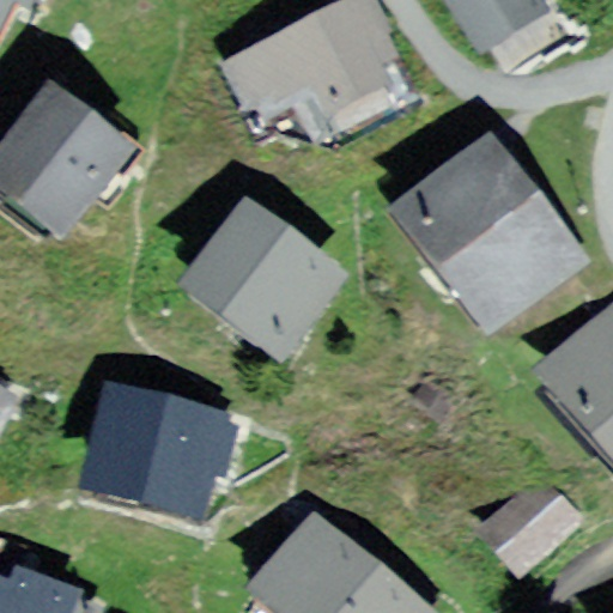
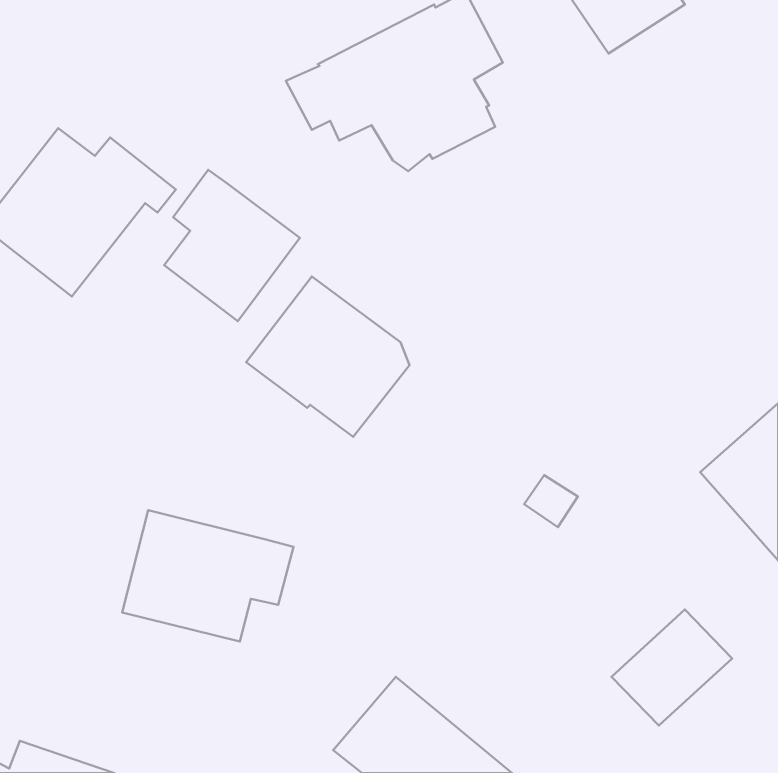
building: none -> [164,170,300,321]
building: [406,152,565,317] -> none

